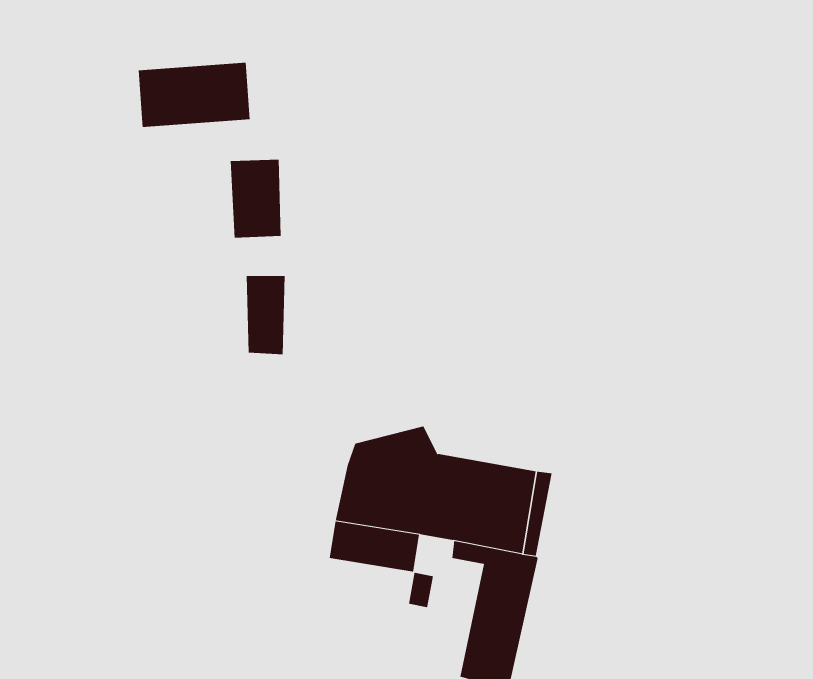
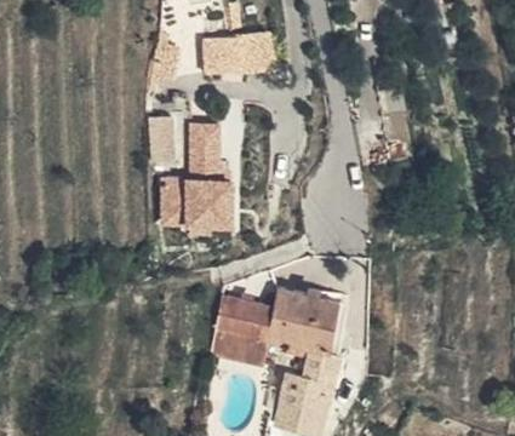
building: [138,62,251,128] -> [202,35,271,75]
building: none -> [189,128,217,174]
building: none -> [183,183,231,231]

